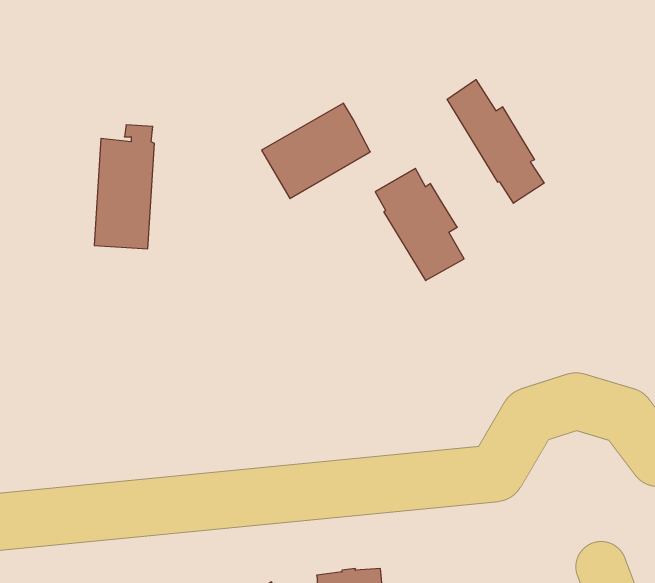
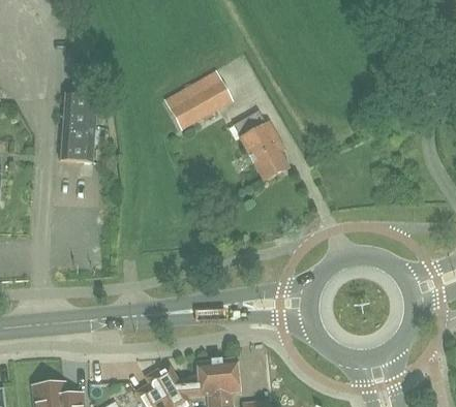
building: [447,80,544,203] -> none

